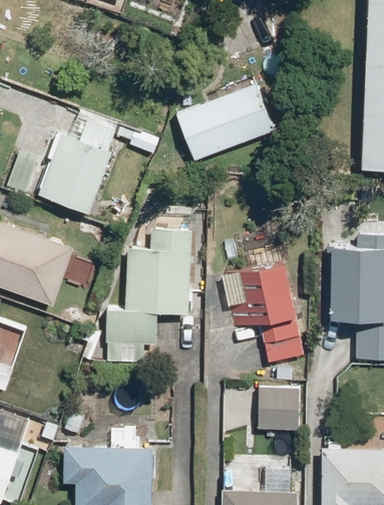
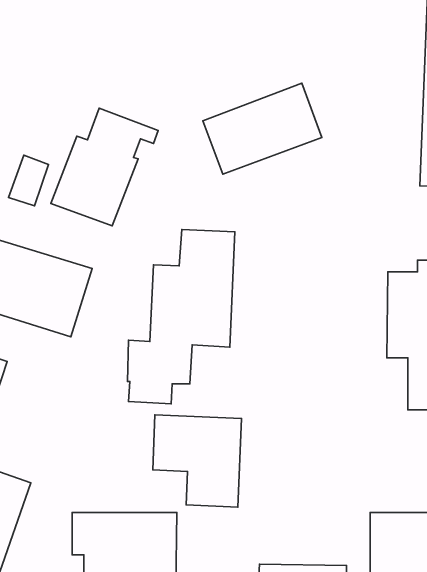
building: [218,262,301,365] -> none
building: none -> [153,415,242,507]
building: [257,391,300,433] -> none

